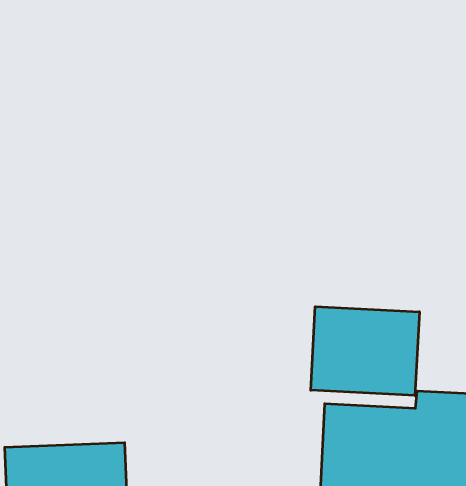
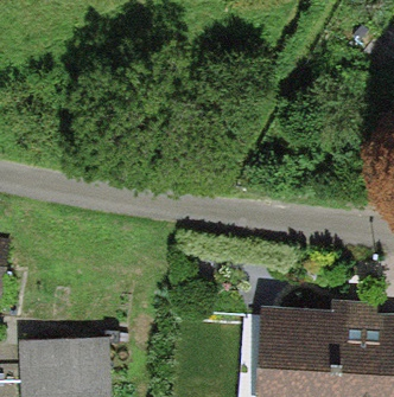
building: [311,307,419,396] -> none

